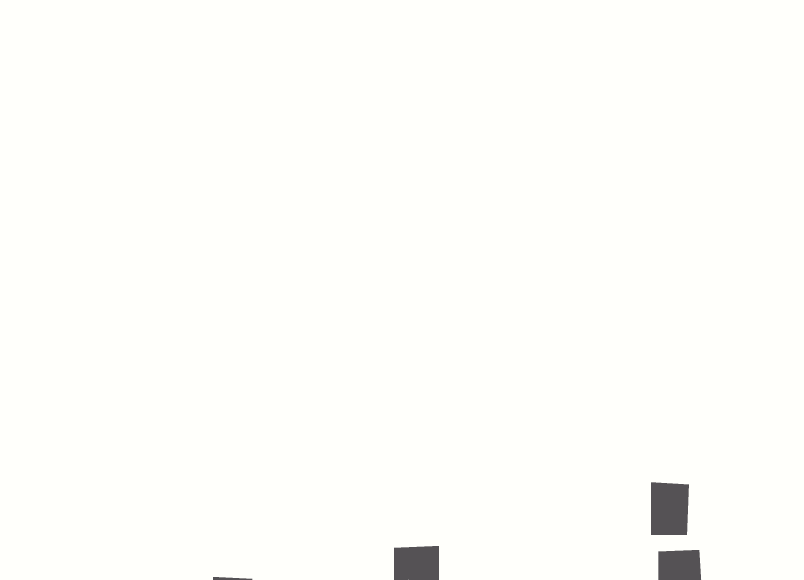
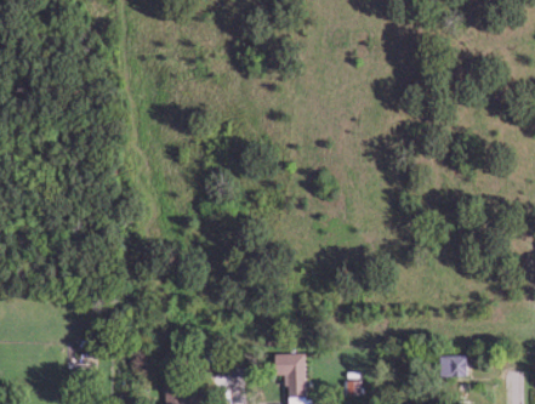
building: [650,482,690,536] -> none

